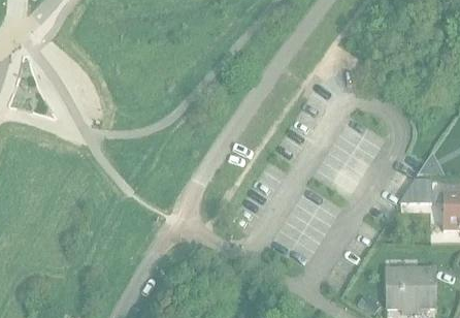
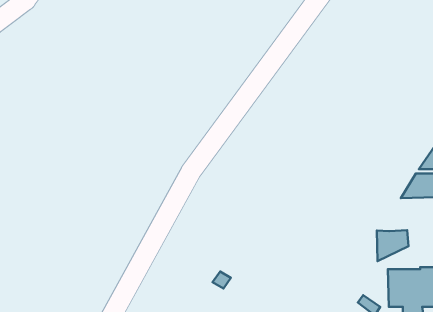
building: none -> [377,230,408,261]

